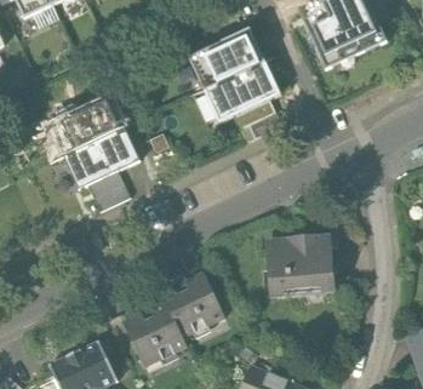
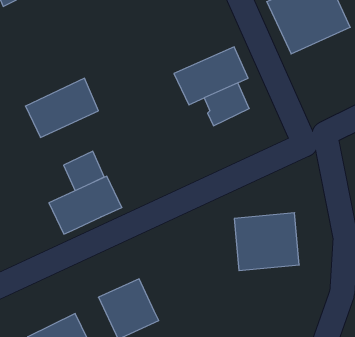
building: [188,28,265,88] -> none
building: [63,127,139,188] -> [49,176,122,234]
building: [160,269,224,337] -> none

